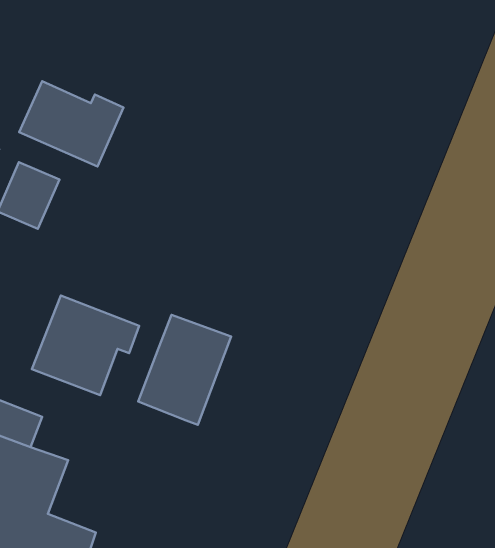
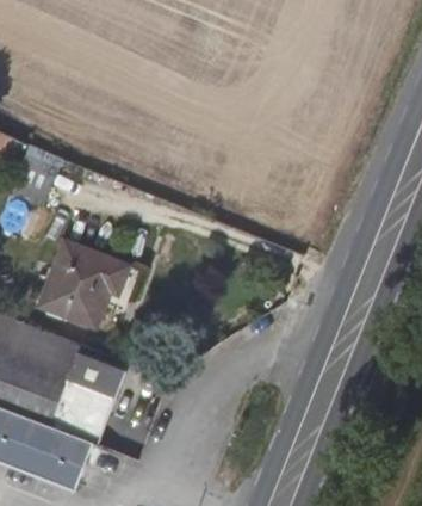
building: [19,81,123,167] -> none
building: [138,315,231,425] -> [50,354,126,445]

